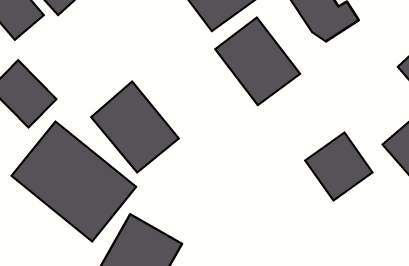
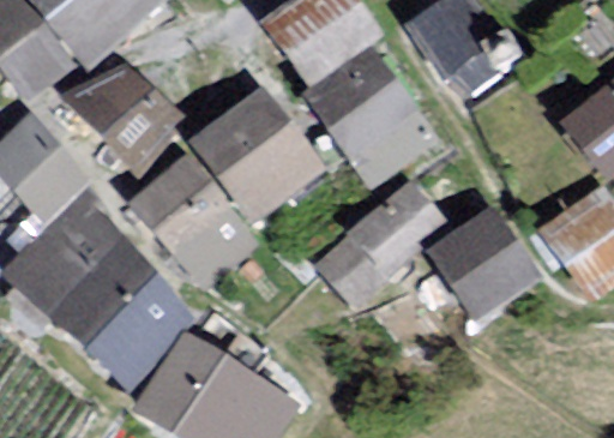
building: none -> [67,71,179,166]
building: none -> [192,92,315,217]
building: none -> [318,184,443,305]

